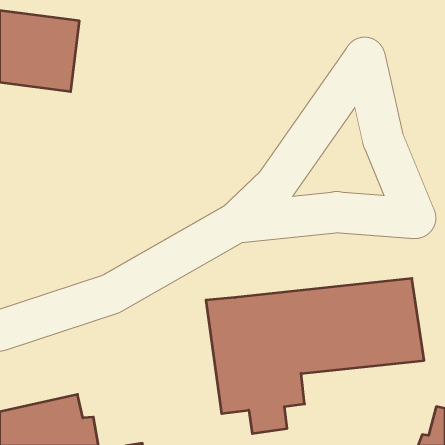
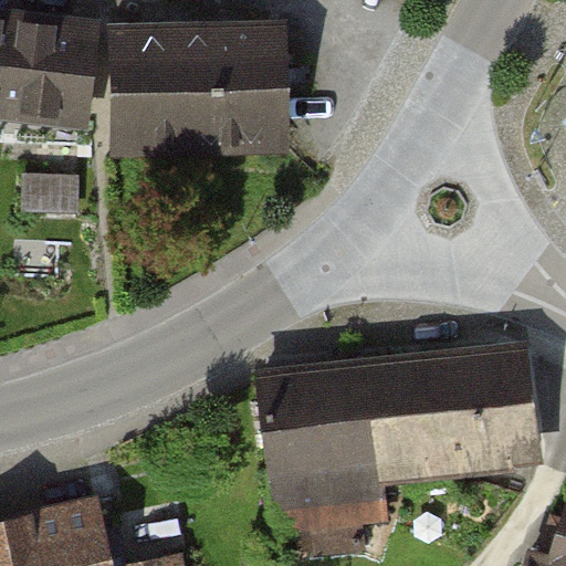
building: none -> [111,24,285,148]

